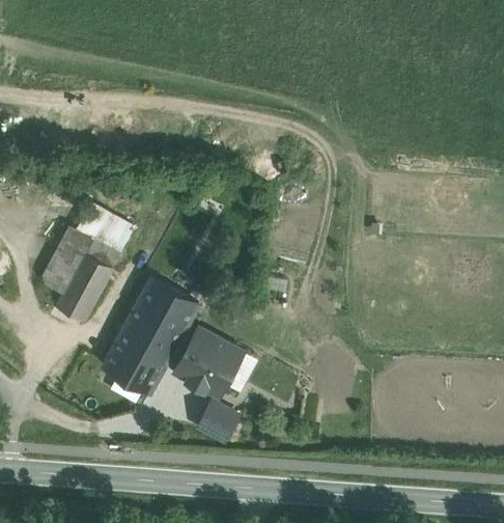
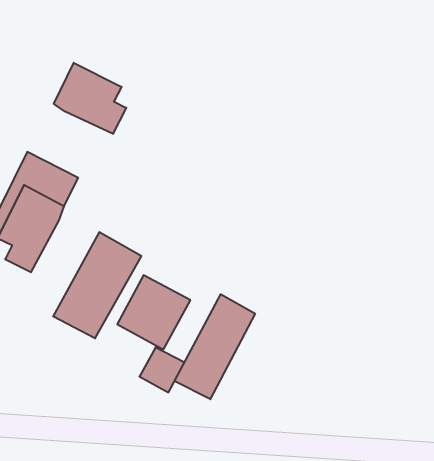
building: none -> [54,63,126,134]
building: none -> [174,294,255,399]

